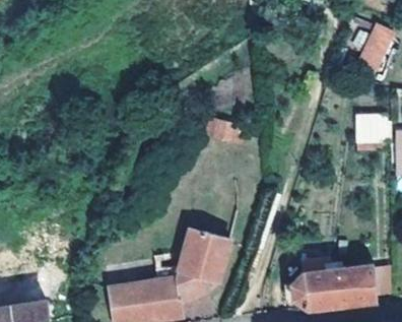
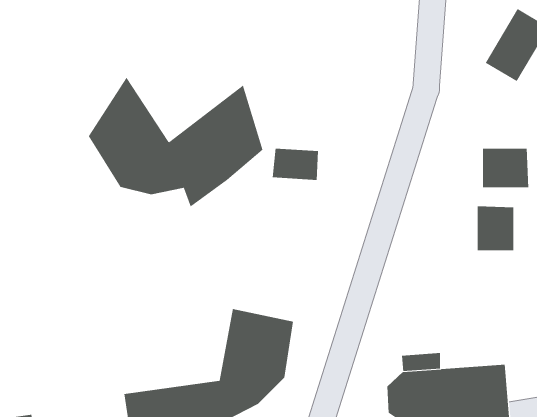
building: none -> [88,77,263,208]
building: none -> [477,205,514,251]

